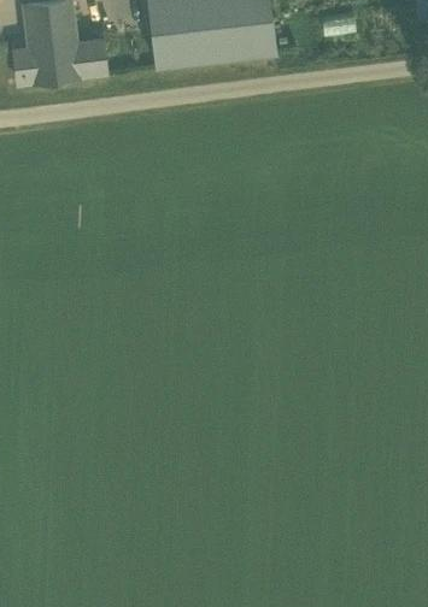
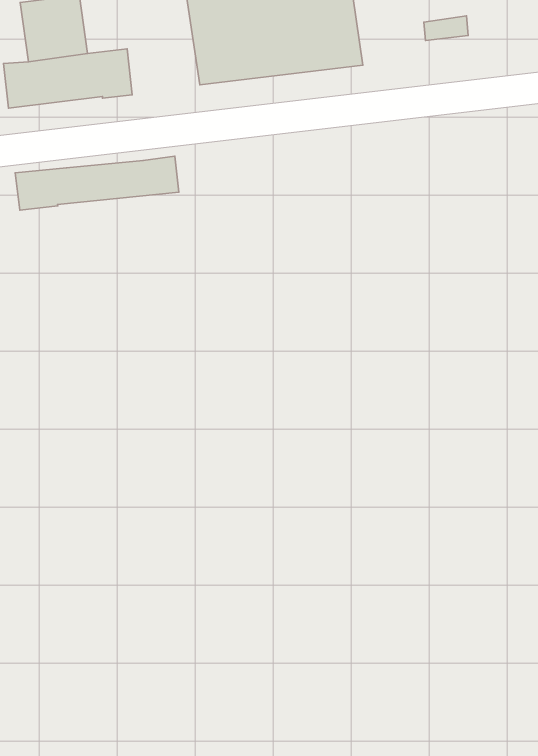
building: none -> [15,156,179,210]

